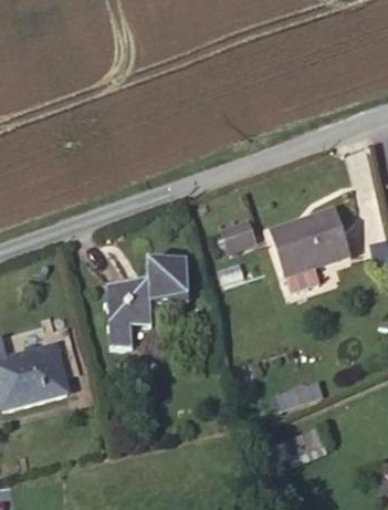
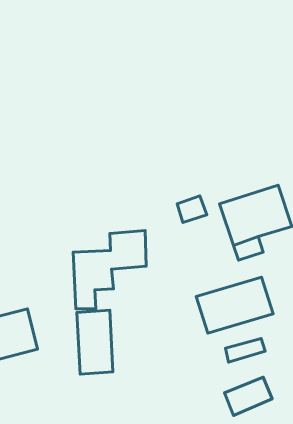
building: none -> [196,277,273,333]
building: none -> [77,310,113,374]

